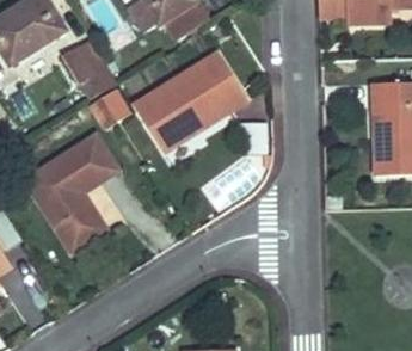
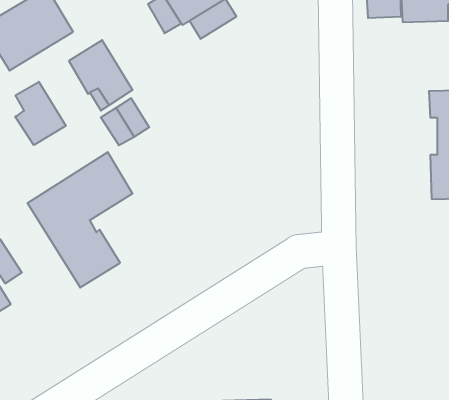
building: [134,53,246,149] -> none
building: none -> [15,82,66,145]

